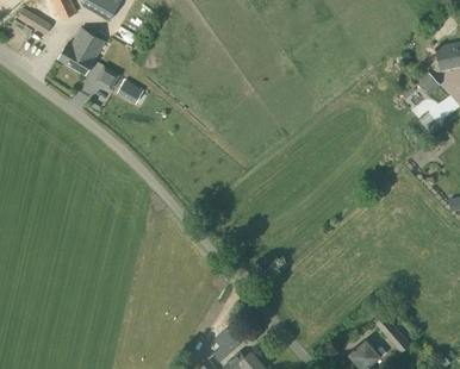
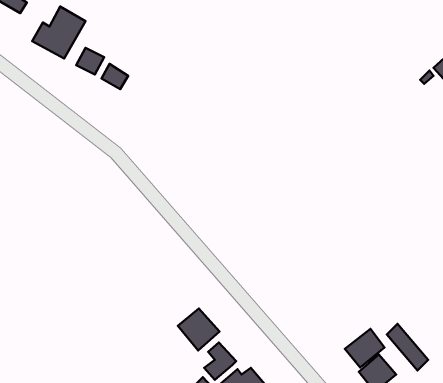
building: none -> [178,309,219,350]
building: none -> [345,329,384,368]

